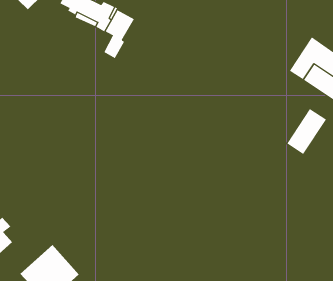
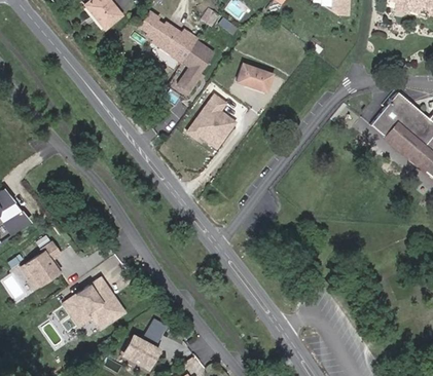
building: none -> [237,64,273,93]
building: none -> [186,90,238,134]
building: [286,108,327,155] -> none

